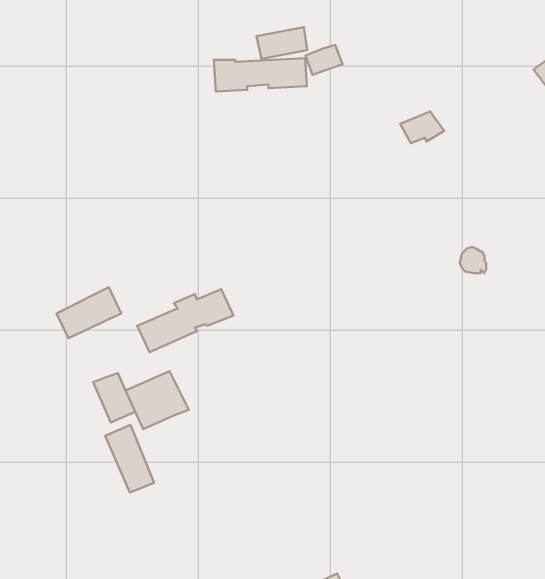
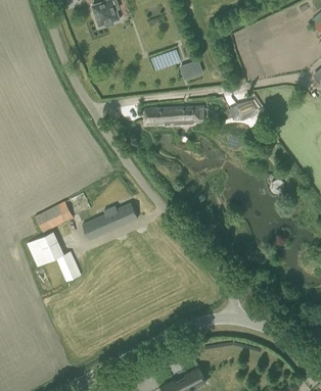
building: [214,58,307,92] -> [144,106,198,126]
building: [126,371,189,429] -> [27,232,63,265]
building: [105,425,154,492] -> none

